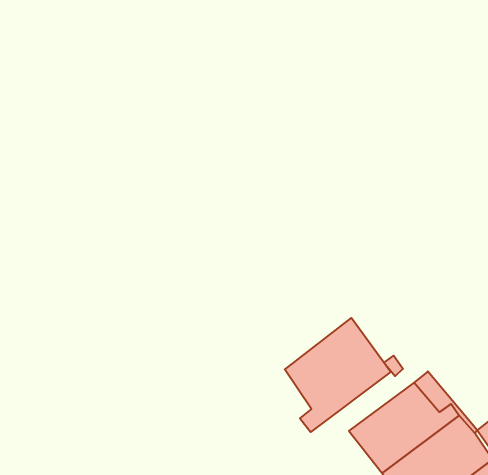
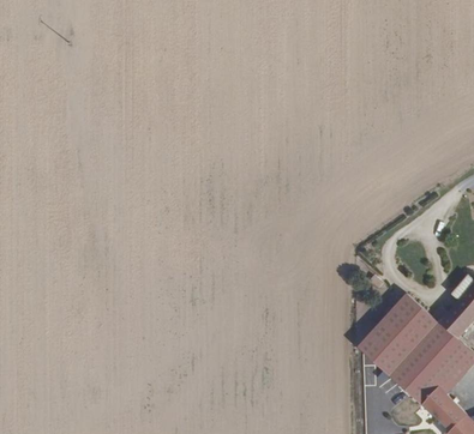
building: [285,318,391,432] -> none

